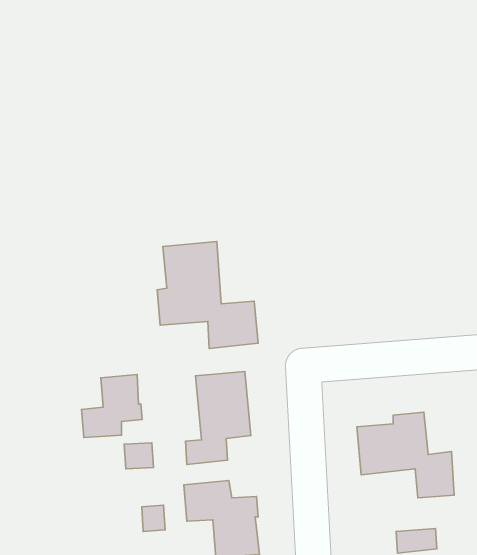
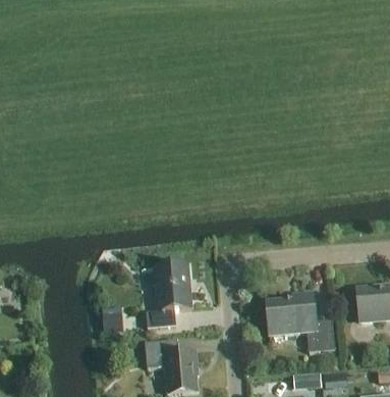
building: [157,242,258,349] -> none
building: [81,375,142,438] -> none

